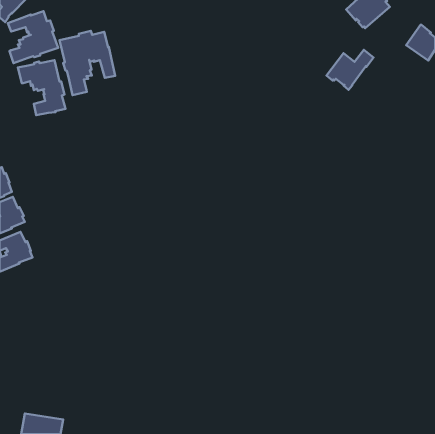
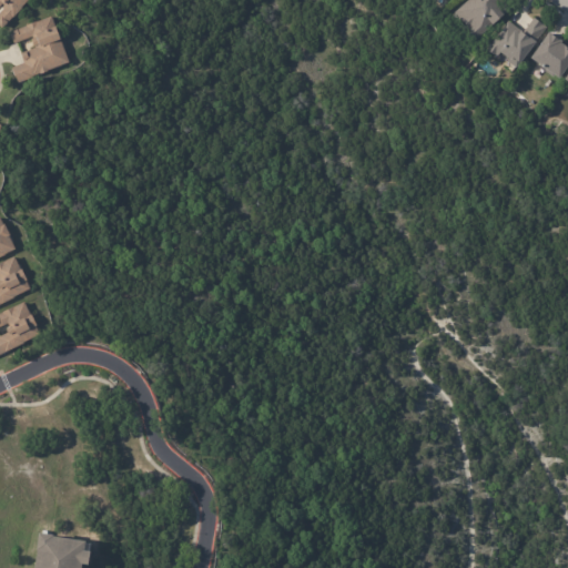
building: [59,31,115,95] -> none
building: [326,50,373,90] -> [484,17,545,69]
building: [18,60,65,115] -> none

